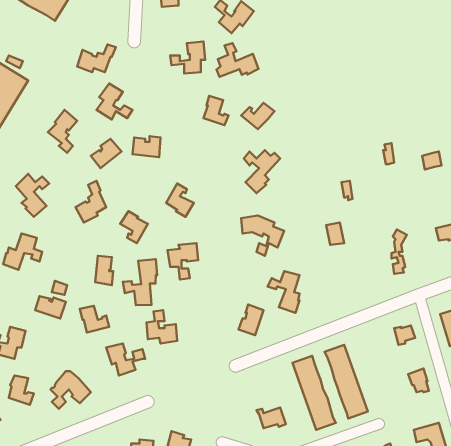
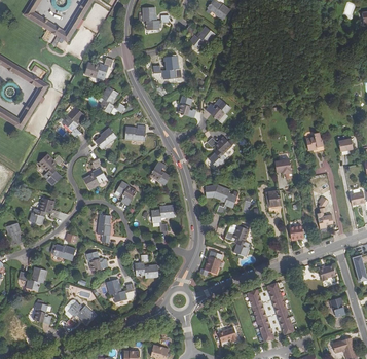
building: [217,43,258,77] -> none
building: [123,259,157,305] -> none

